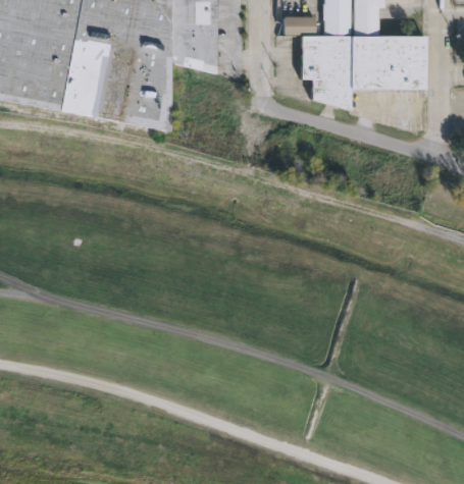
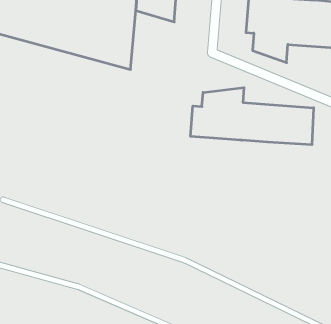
building: none -> [191,88,314,145]

